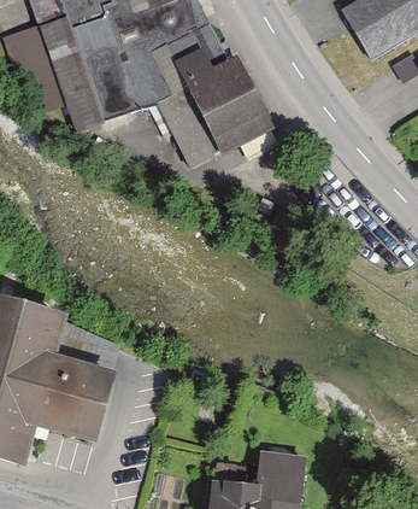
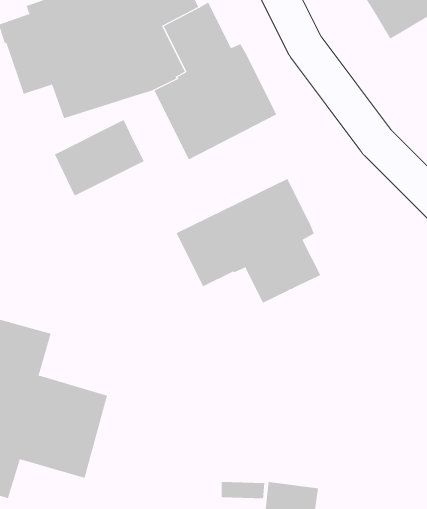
building: none -> [54,119,145,197]
building: none -> [176,178,321,304]

